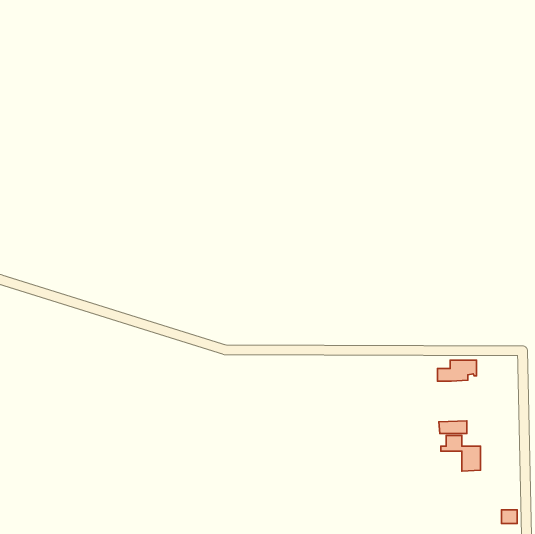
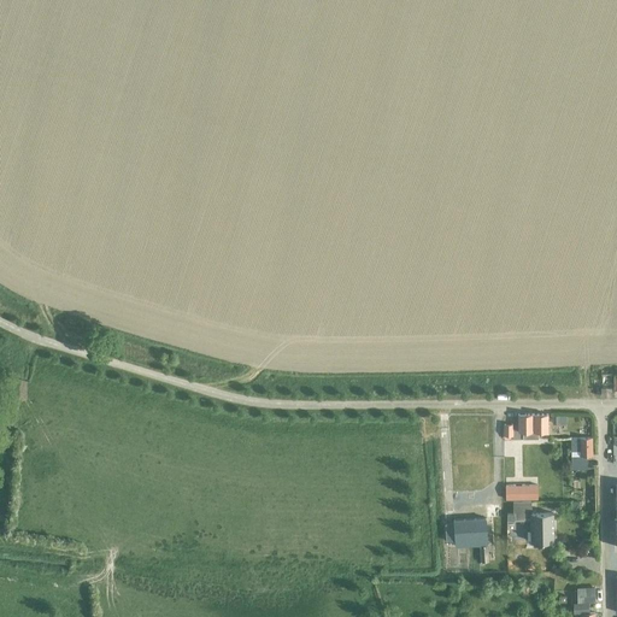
building: none -> [571,439,593,470]
building: none -> [446,519,488,547]

